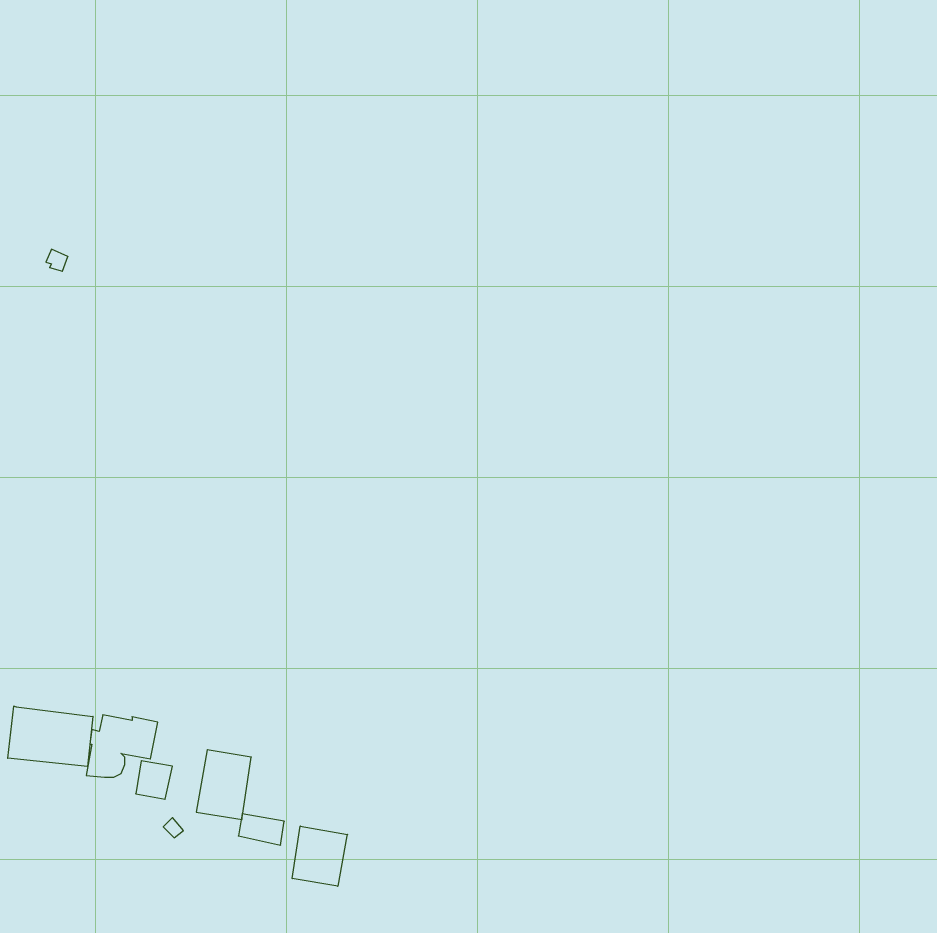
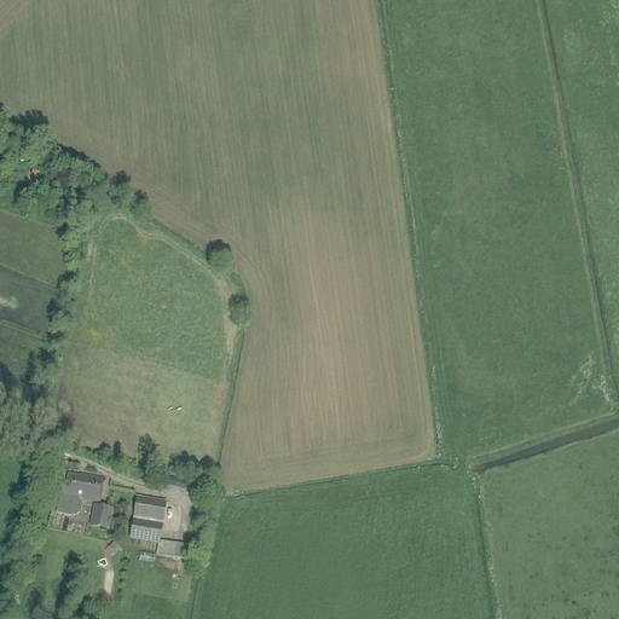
building: [8,706,93,766] -> none
building: [292,826,348,886] -> none

